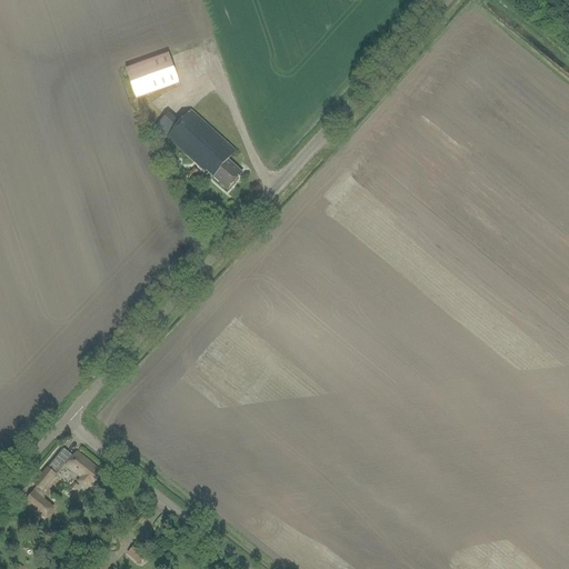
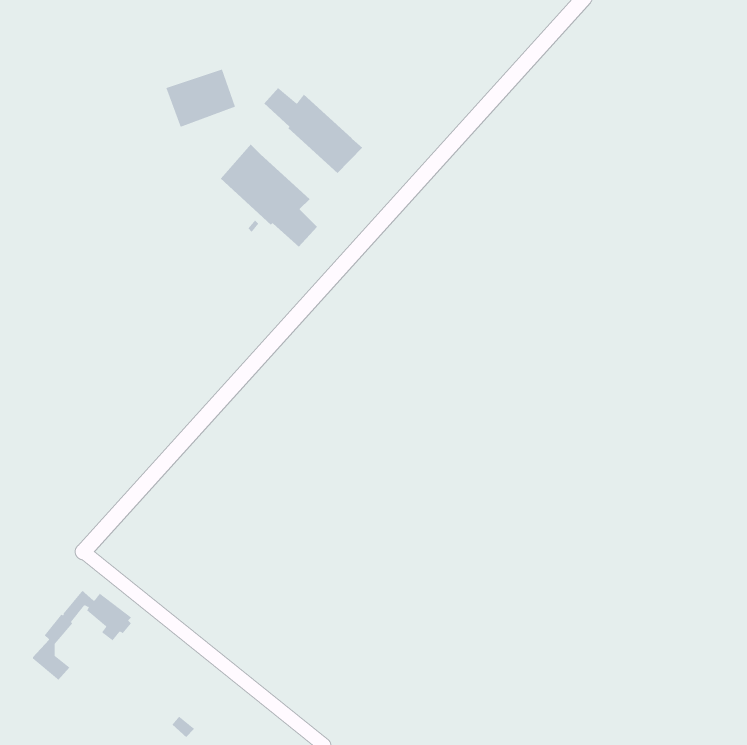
building: none -> [264,87,363,174]

